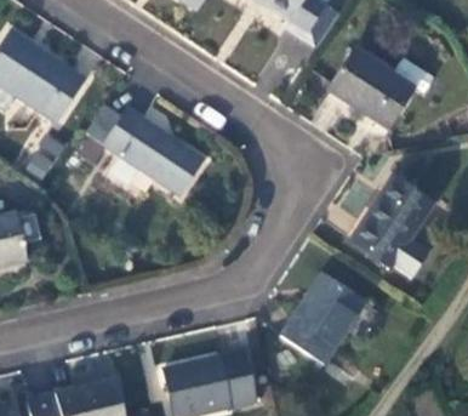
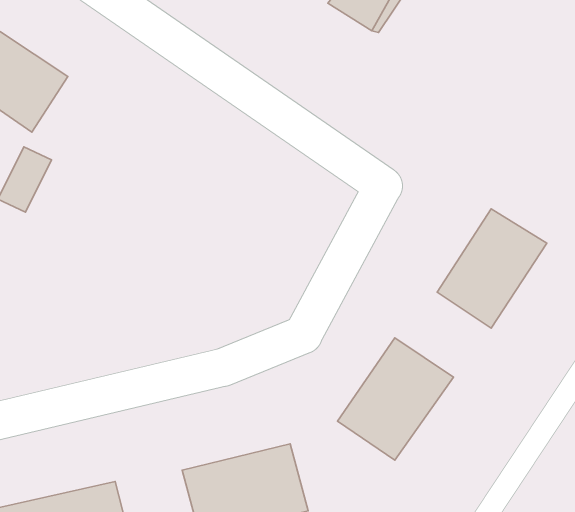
building: [326,44,415,126] -> none
building: [89,103,205,195] -> none

